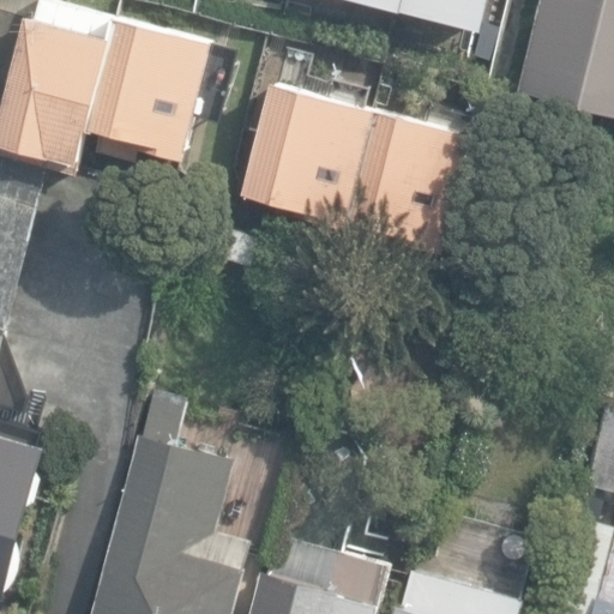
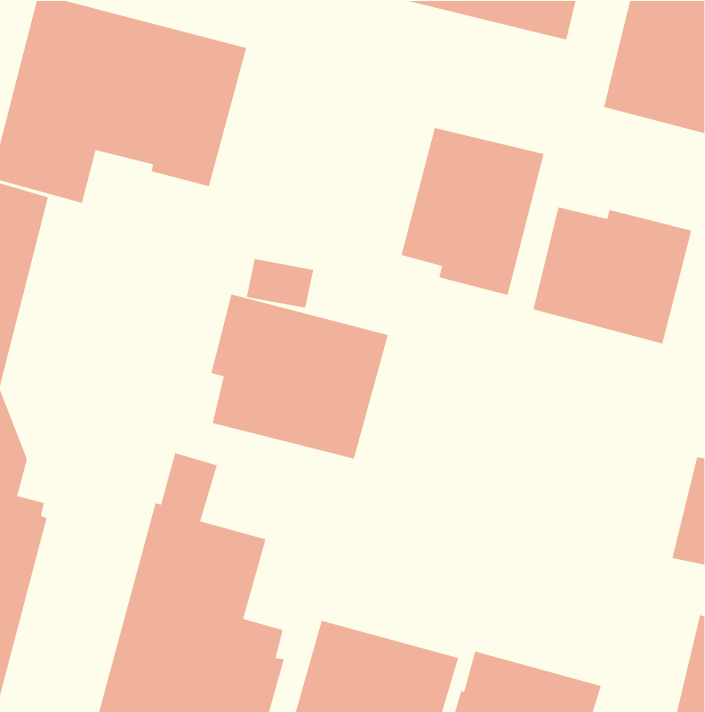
building: [237,82,373,230] -> none
building: none -> [532,206,692,345]
building: none -> [211,294,389,460]

